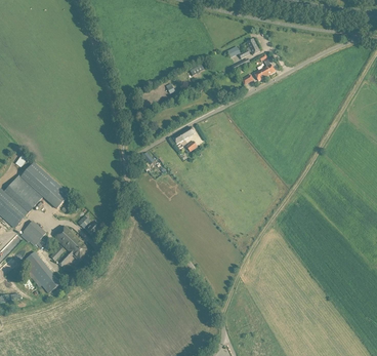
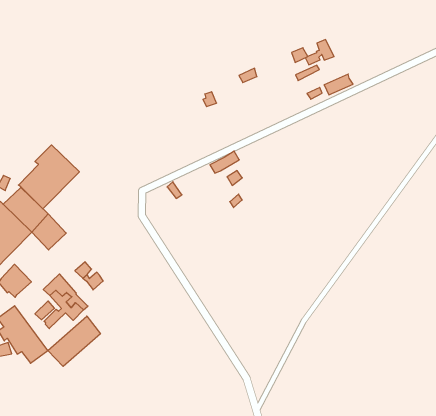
building: none -> [18,145,79,209]
building: none -> [48,316,100,366]

